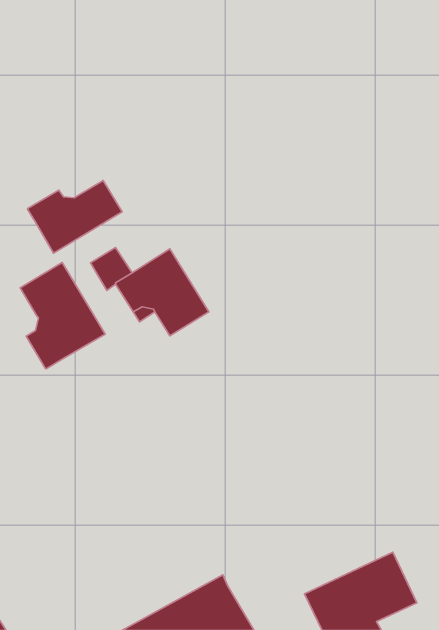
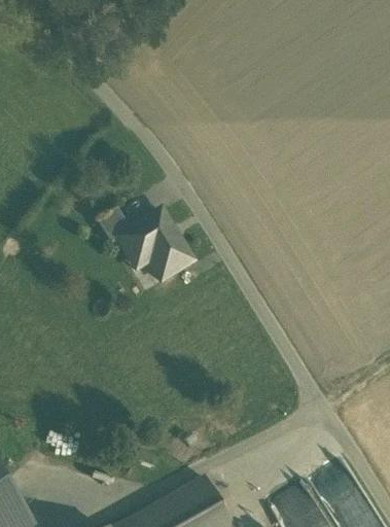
building: [28,181,122,253] -> none
building: [20,262,105,369] -> none

